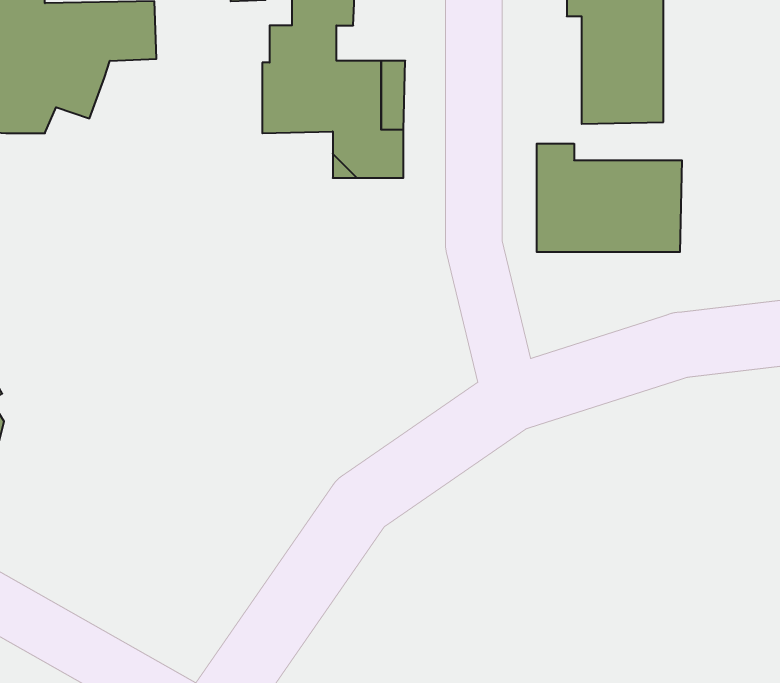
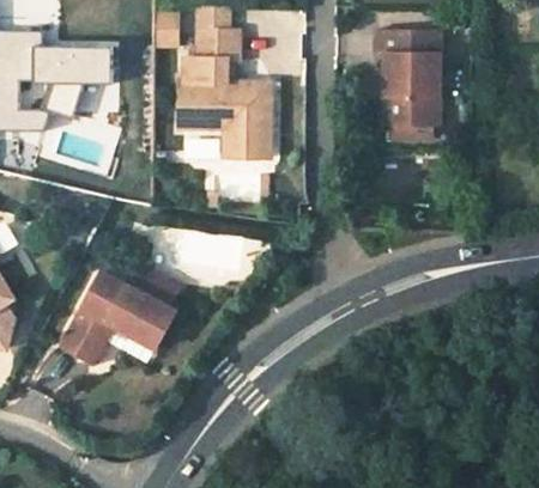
building: [537,144,682,252] -> none
building: none -> [63,275,176,366]

